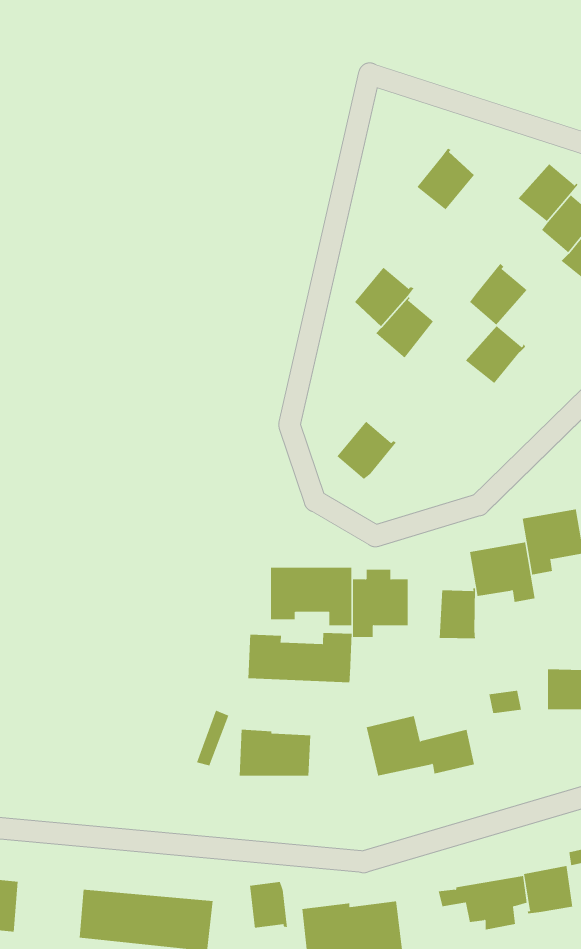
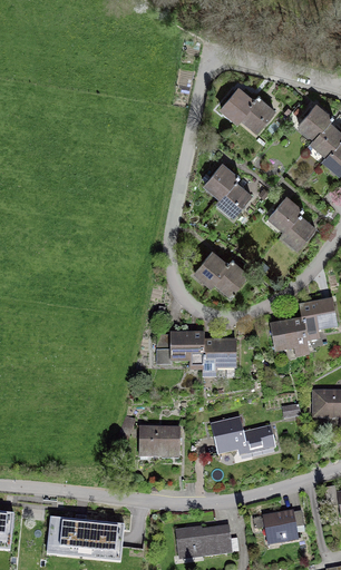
building: none -> [221,88,255,121]
building: [469,263,528,325] -> [282,213,315,248]
building: none -> [215,259,249,295]
building: [439,588,475,639] -> none
building: [248,632,352,683] -> none
building: [523,865,573,914] -> none
building: [249,881,287,928] -> none

